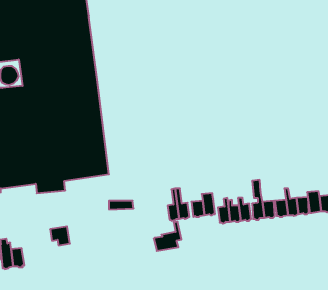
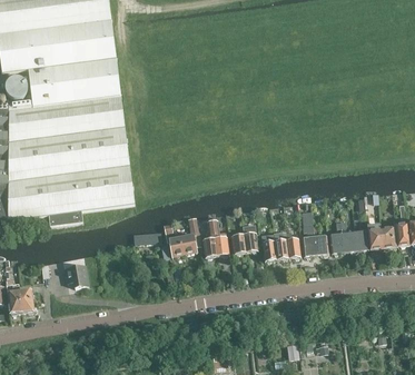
building: [154,222,181,251] -> [168,223,200,257]

